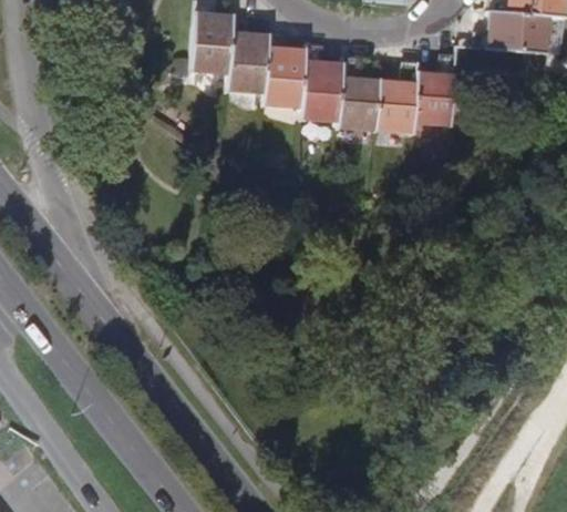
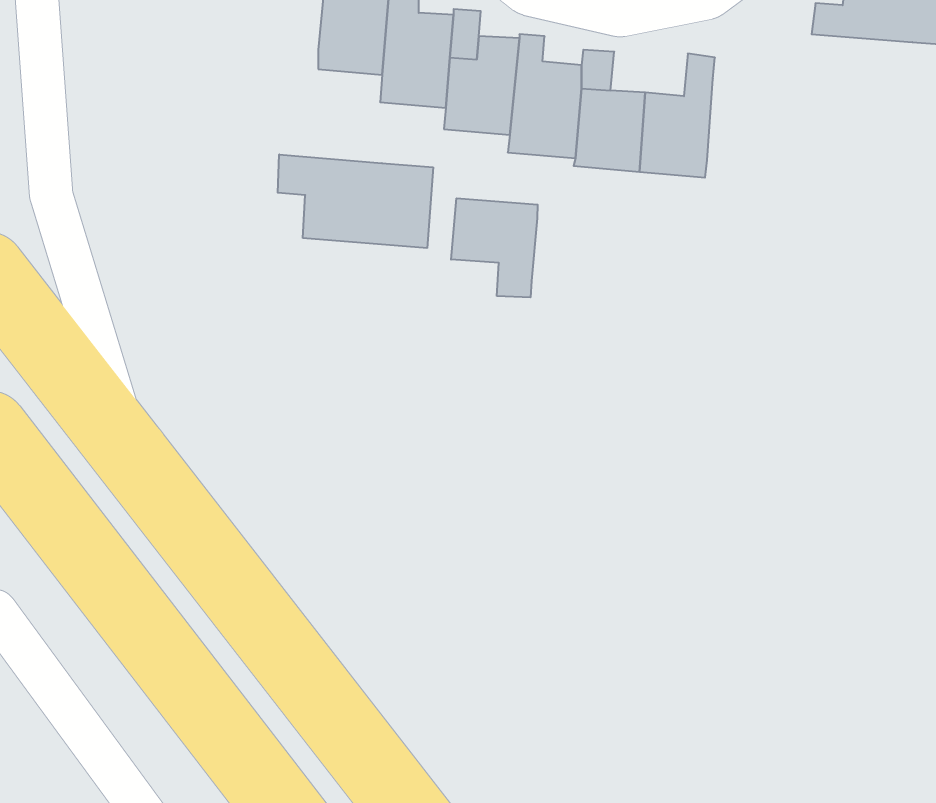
building: [415,55,457,126] -> none
building: none -> [278,154,433,248]
building: none -> [451,198,538,297]

